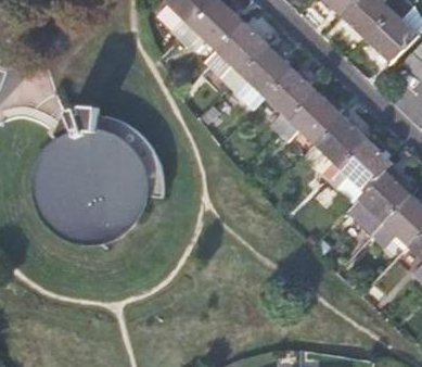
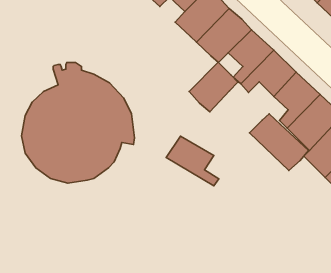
building: none -> [189,62,238,112]
building: none -> [249,114,308,170]
building: none -> [166,136,219,186]

